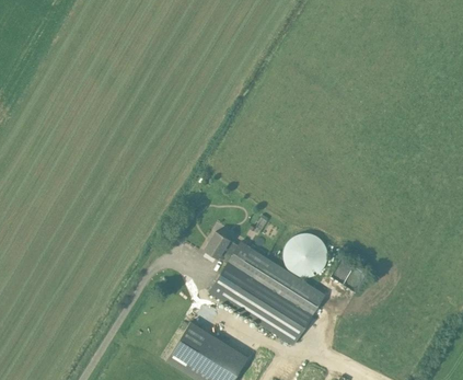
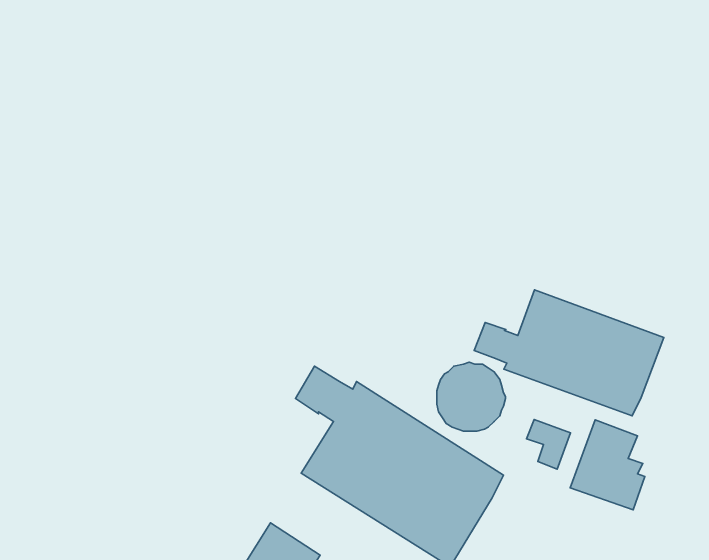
building: none -> [474,290,664,416]
building: none -> [570,420,645,510]

